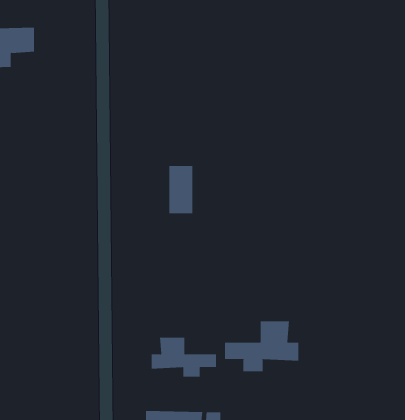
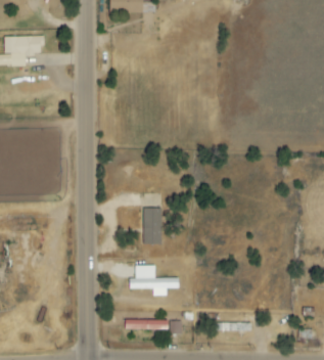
building: [169,166,193,214] -> [144,208,163,243]
building: [224,321,299,372] -> none

